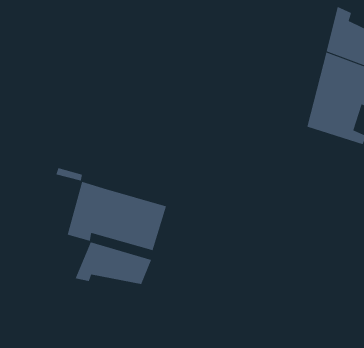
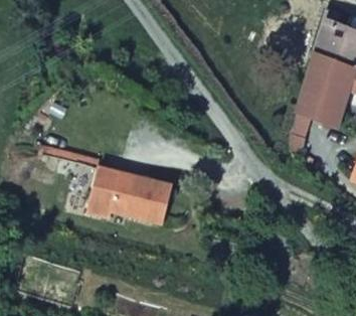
building: [75,242,152,285] -> none

